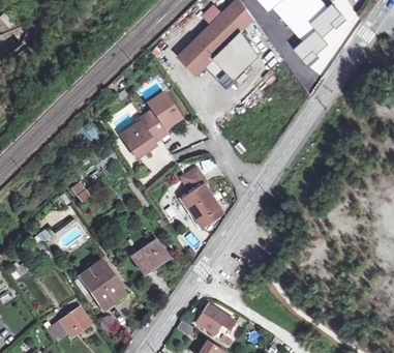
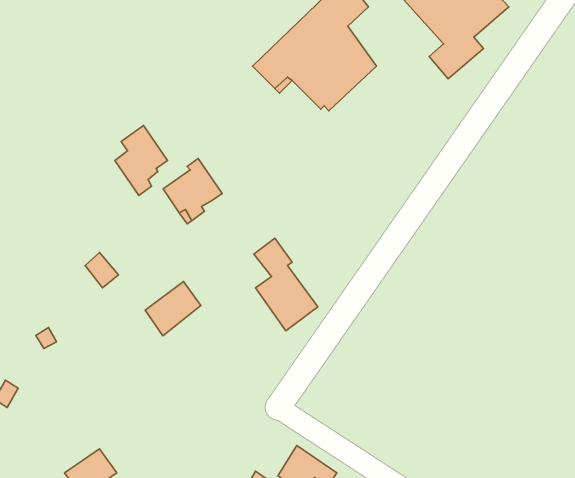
building: [144,93,178,139] -> [115,125,167,196]
building: [130,240,166,275] -> [145,282,201,336]
building: [75,262,121,307] -> none

